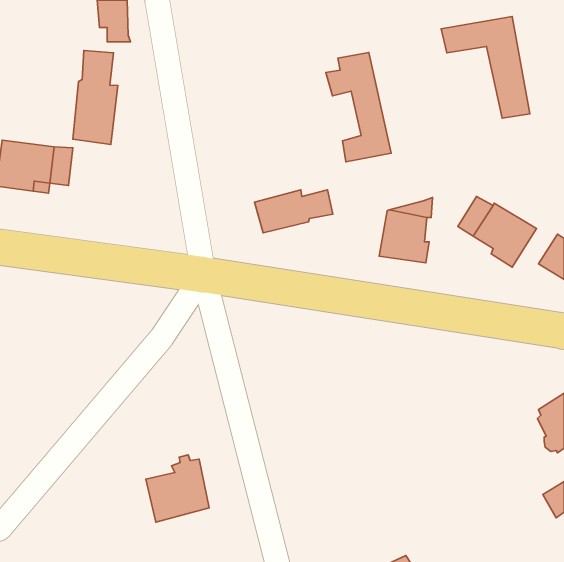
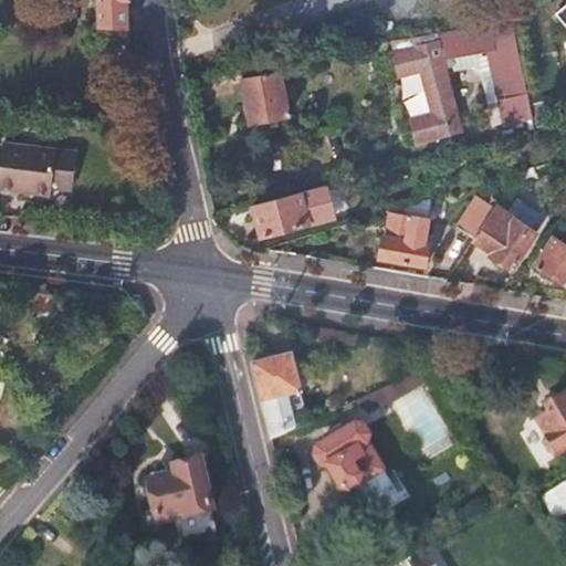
building: [73,50,118,144] -> none
building: [326,53,391,162] -> [392,32,458,142]
building: none -> [242,70,289,122]
building: none -> [252,355,302,439]
building: none -> [318,426,396,503]

